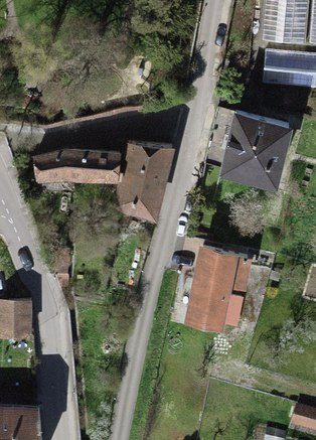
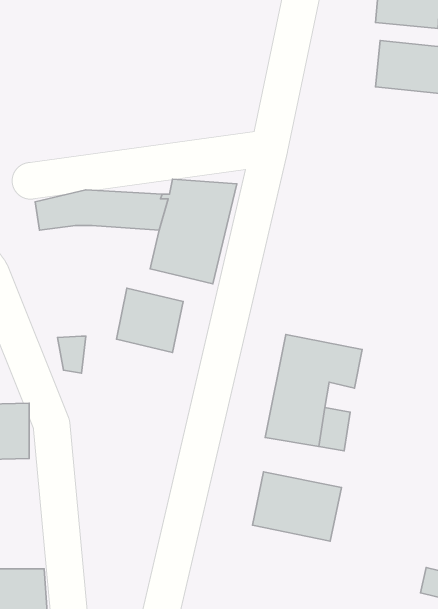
building: [222,112,291,182] -> none
building: none -> [116,288,183,353]
building: none -> [253,472,341,541]

